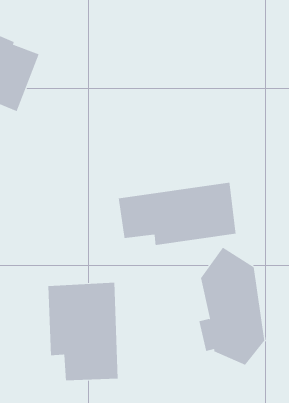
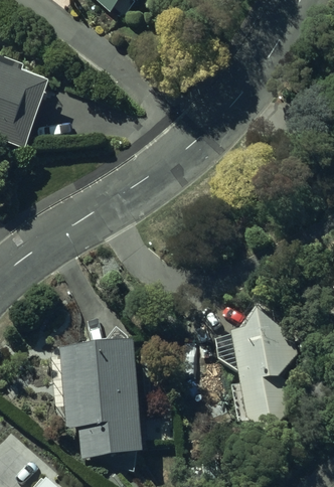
building: [118,182,236,246] -> none

